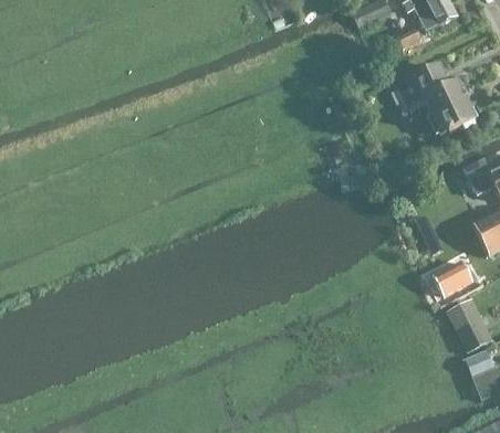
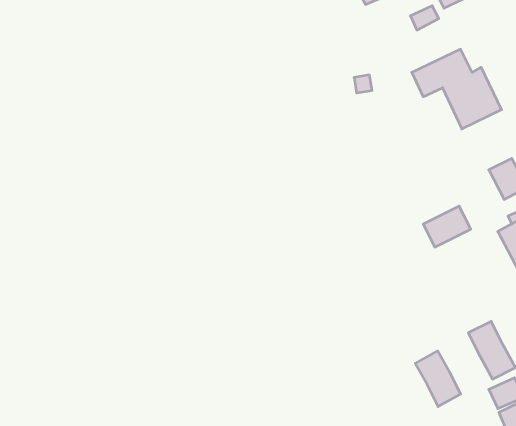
building: [431,261,472,296] -> [423,206,471,247]
building: none -> [415,351,461,407]

